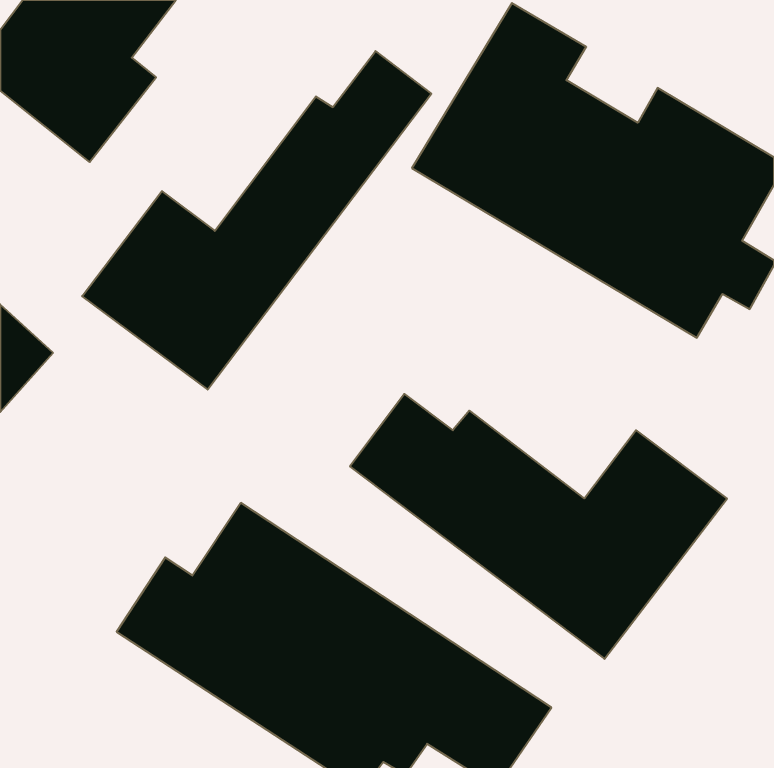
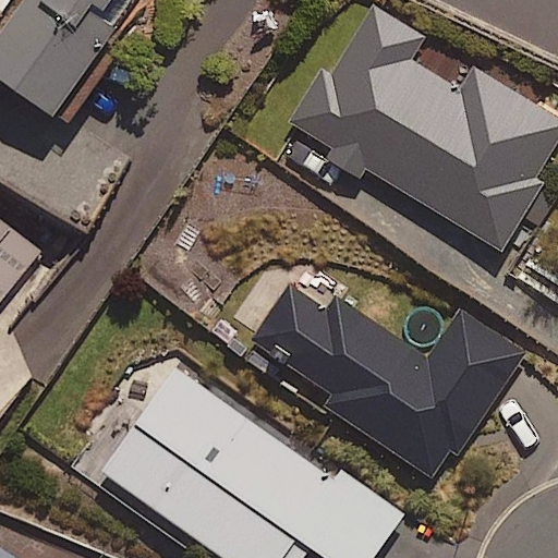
building: [82,51,431,390] -> none

